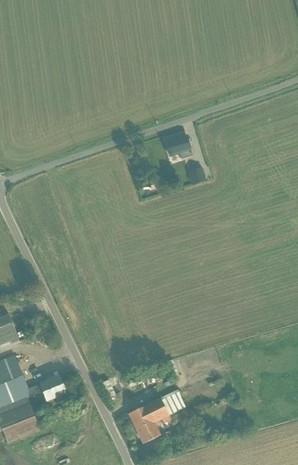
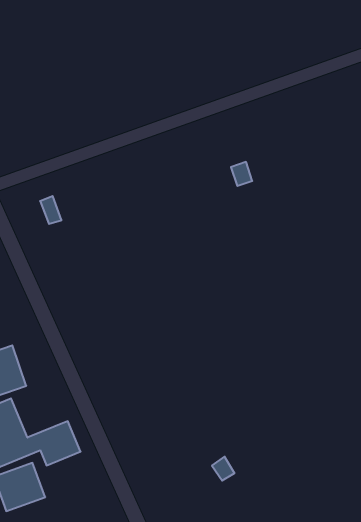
building: [162,132,188,156] -> none
building: [124,394,166,442] -> none

